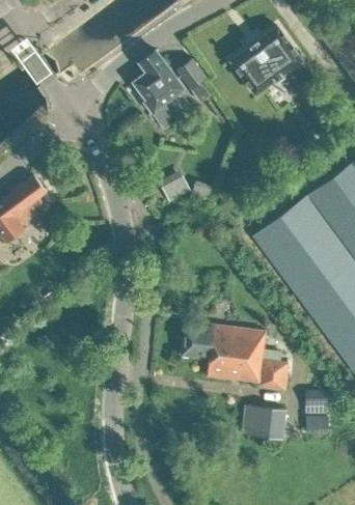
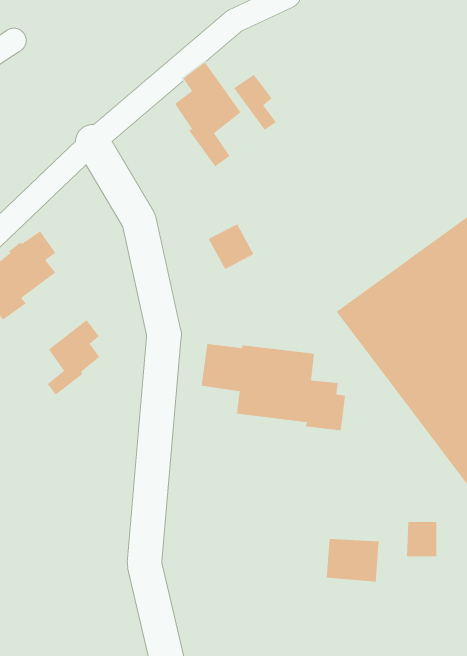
building: [229,26,301,94] -> none
building: none -> [47,319,100,395]
building: [181,324,288,388] -> [201,344,346,431]

